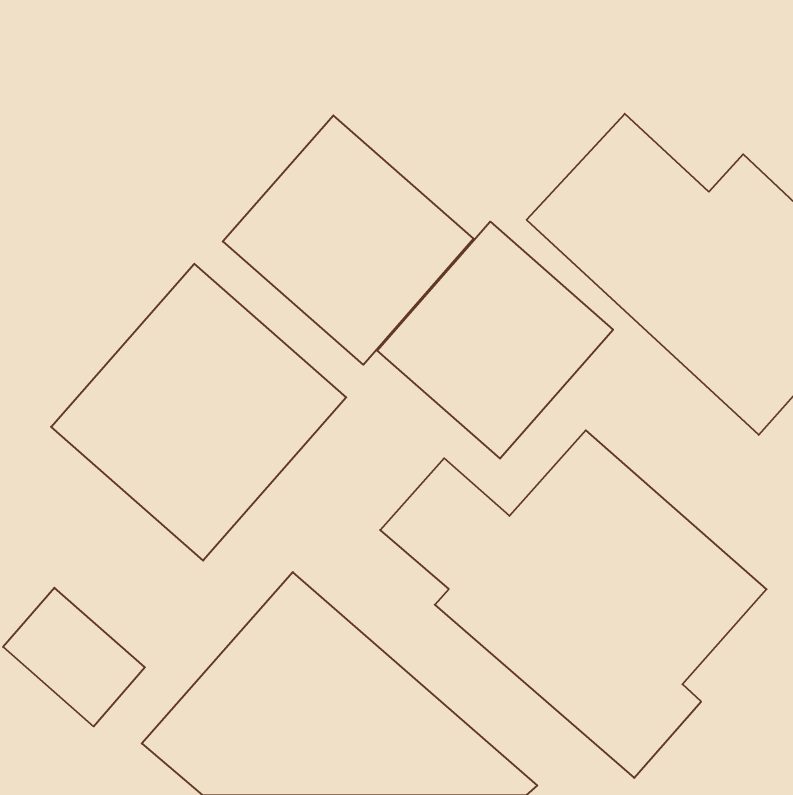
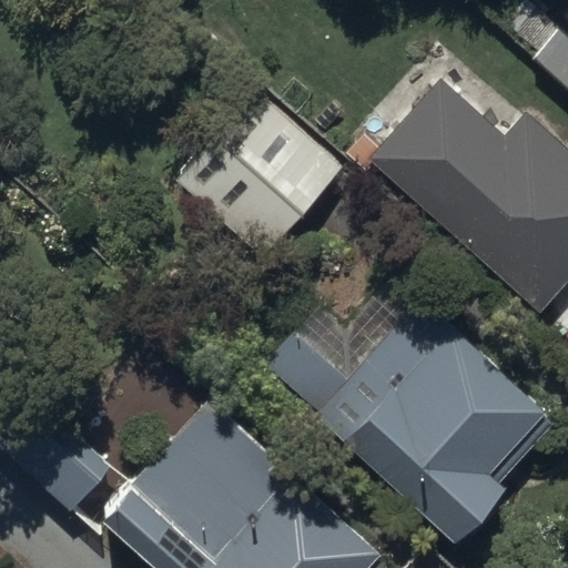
building: [377,222,613,459] -> none
building: [51,264,346,561] -> none

